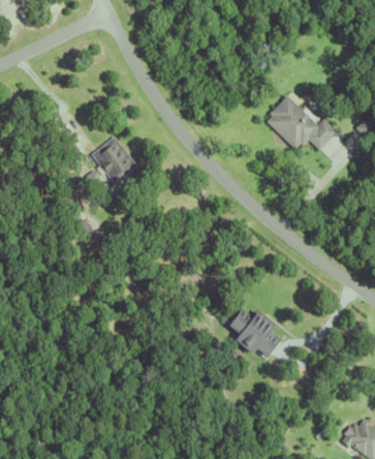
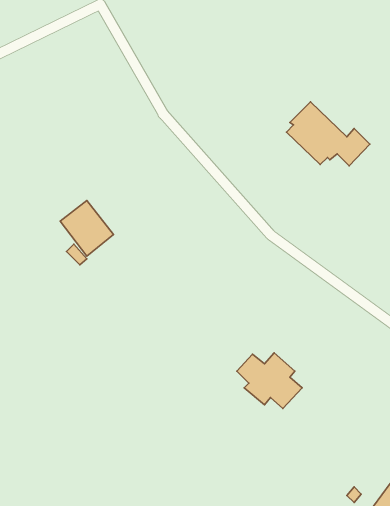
building: [92,136,137,184] -> [60,201,113,256]

